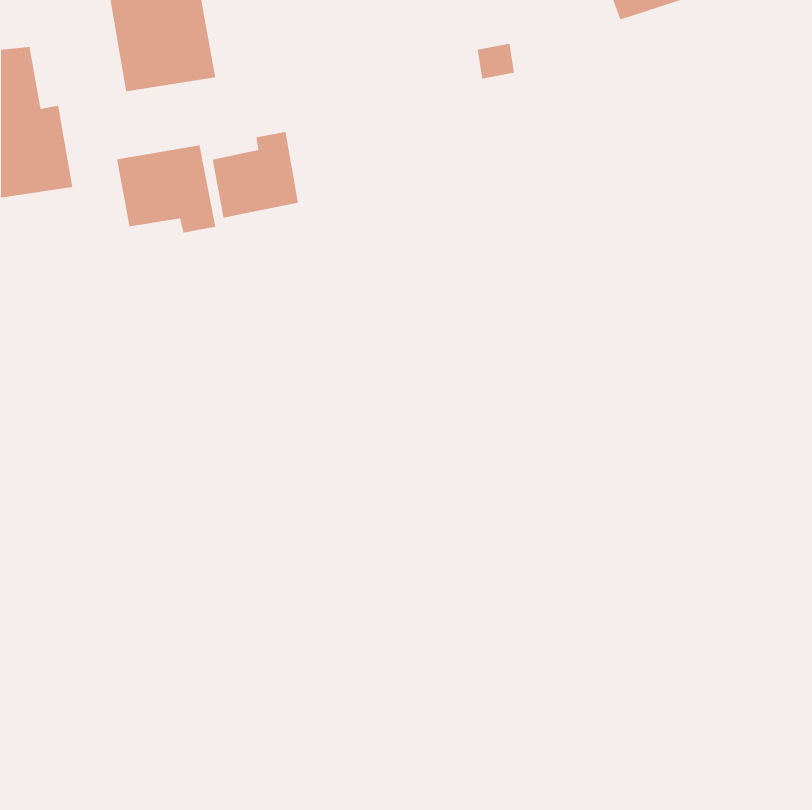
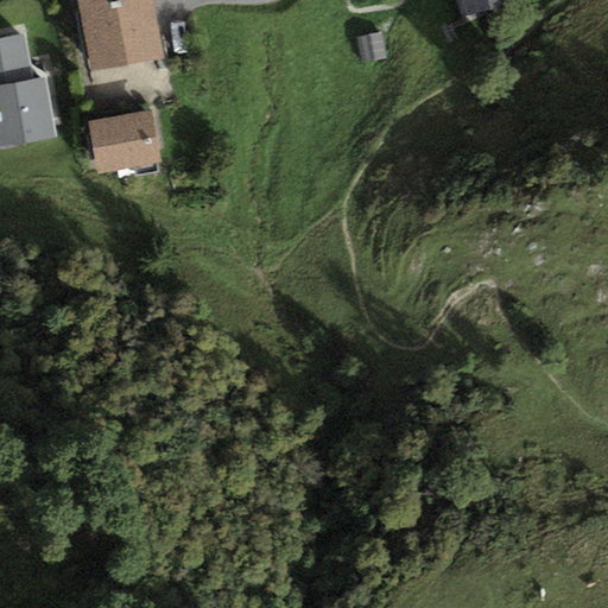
building: [212,131,299,218] -> none

